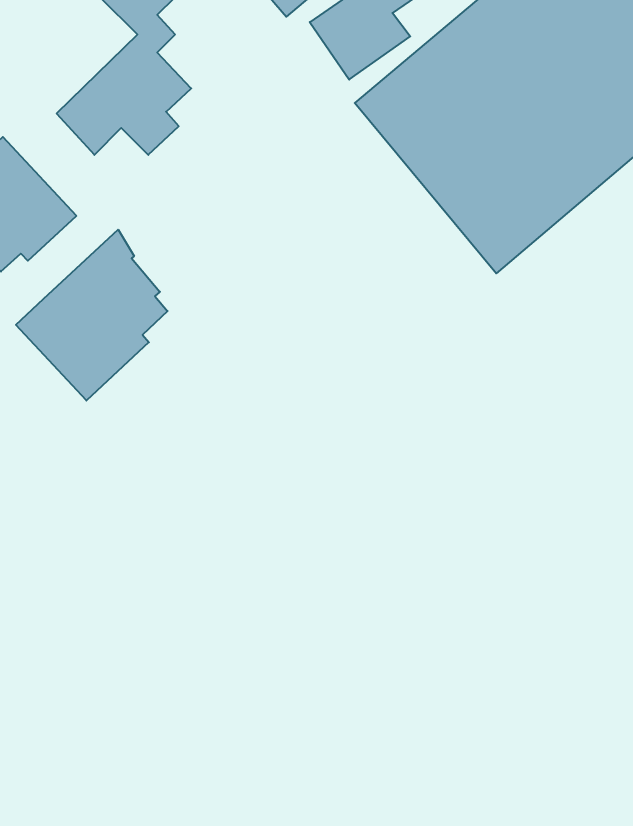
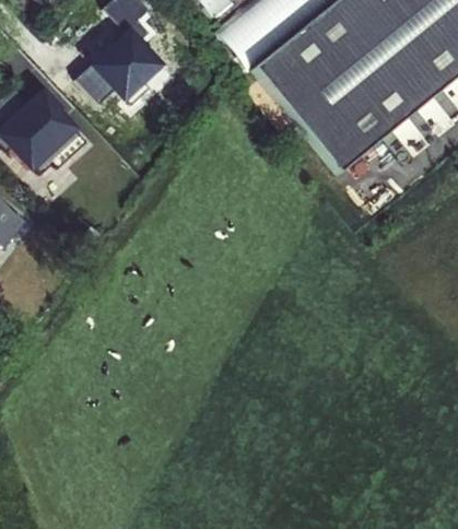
building: [16,230,168,401] -> none

